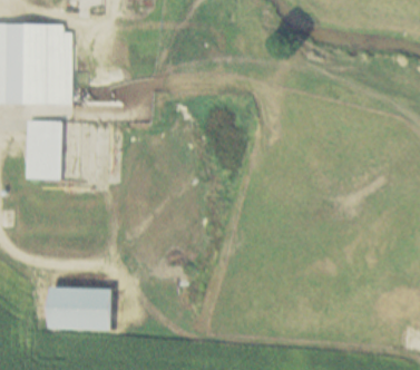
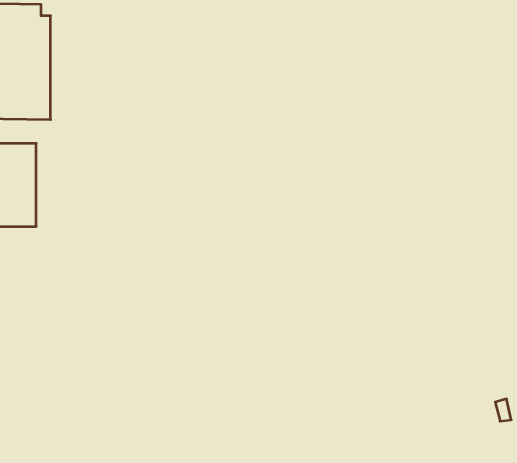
building: [52,286,117,329] -> none

